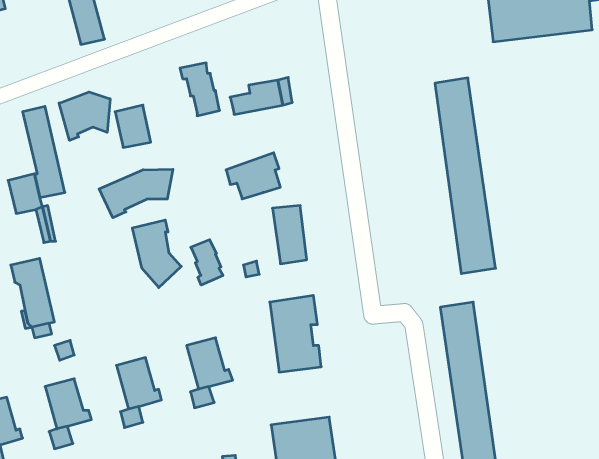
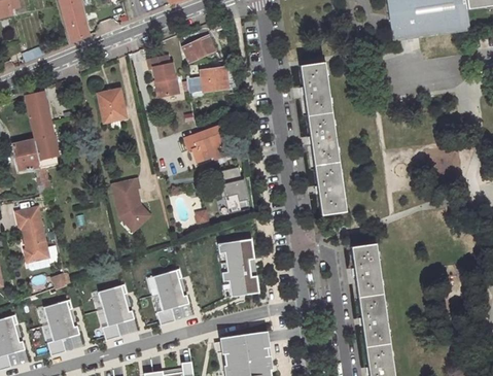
building: none -> [183,35,216,63]
building: [435,78,496,274] -> [300,62,347,214]
building: [59,92,110,140] -> none
building: [99,169,173,218] -> none
building: [191,240,223,285] -> none

